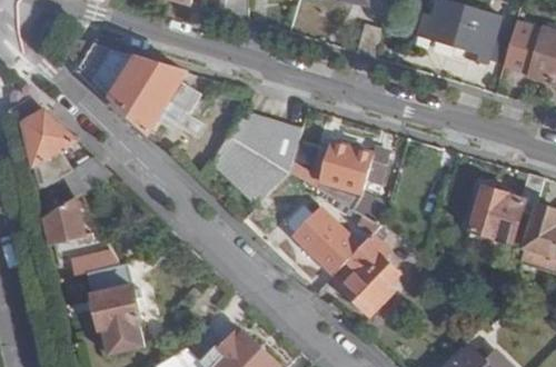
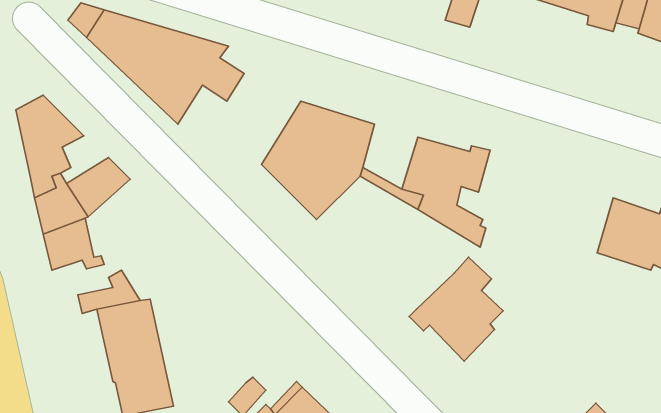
building: [284,206,360,274] -> none

